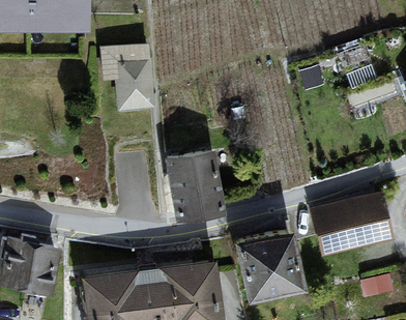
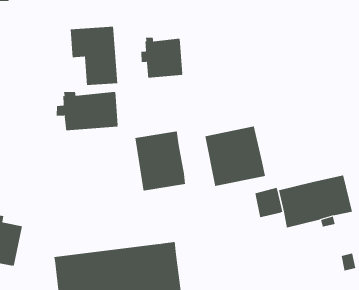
building: none -> [141,37,183,78]
building: none -> [56,91,118,131]
building: [238,236,300,297] -> [204,126,266,186]

